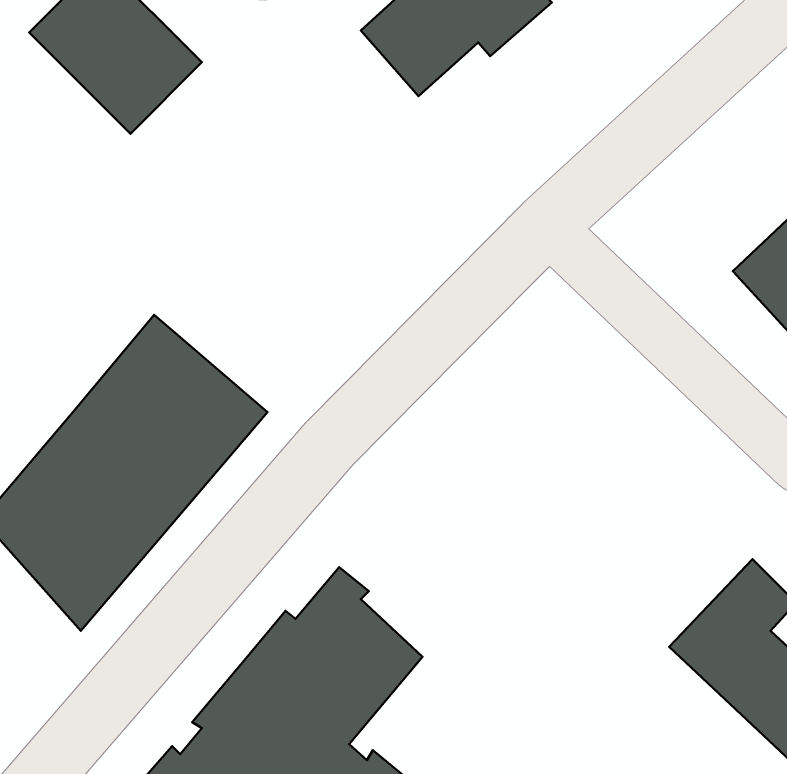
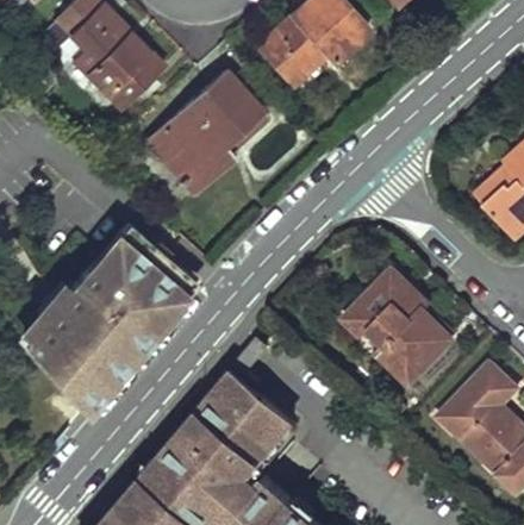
building: none -> [144,70,269,193]
building: none -> [342,268,455,381]

